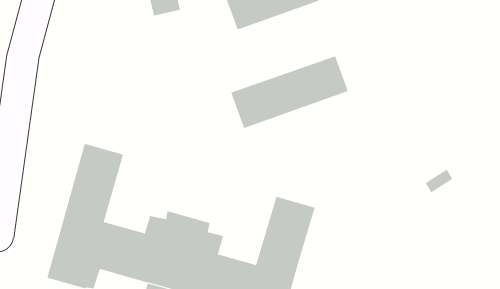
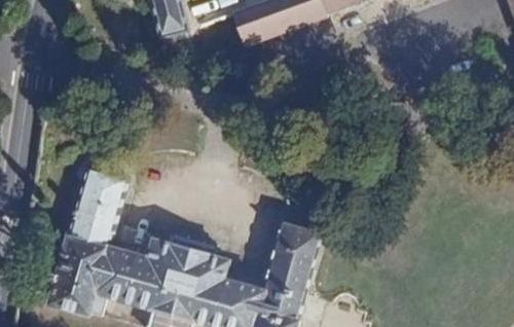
building: [230,56,348,129] -> none

